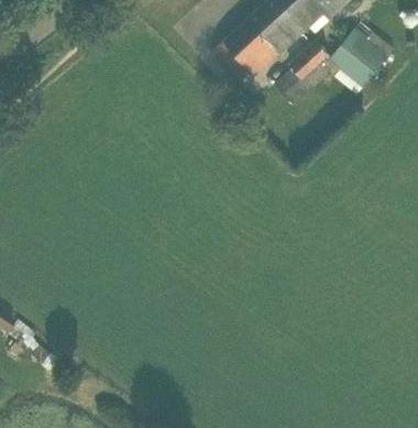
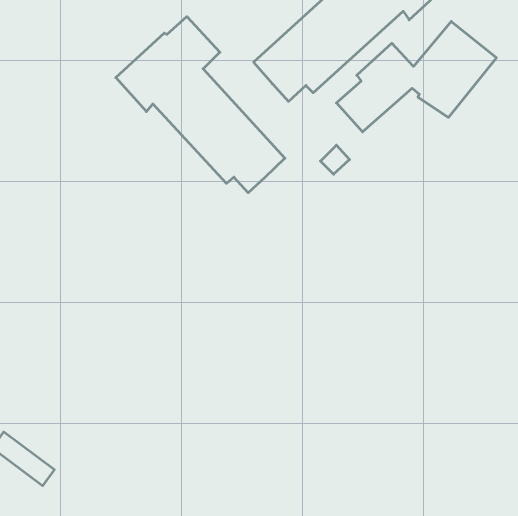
building: none -> [116,17,285,193]

